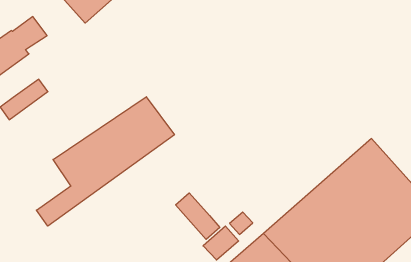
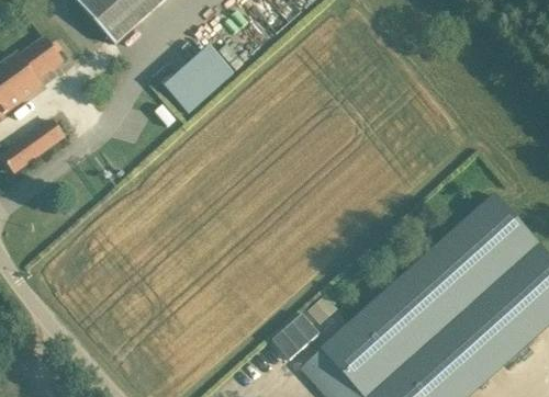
building: none -> [160,41,232,112]
building: [36,97,174,226] -> none
building: [176,193,220,239] -> none

